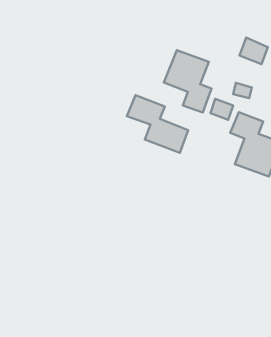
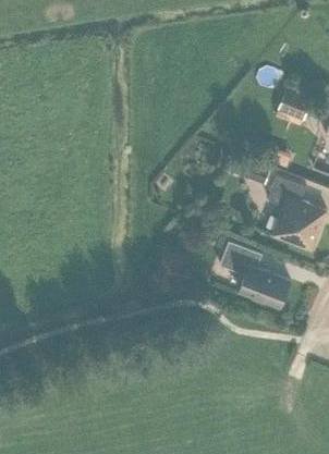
building: [164,50,212,112] -> none
building: [127,95,188,153] -> [219,241,290,307]

